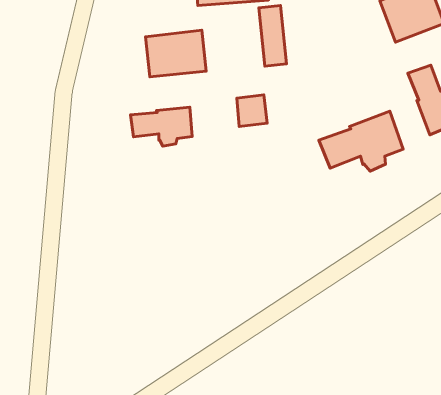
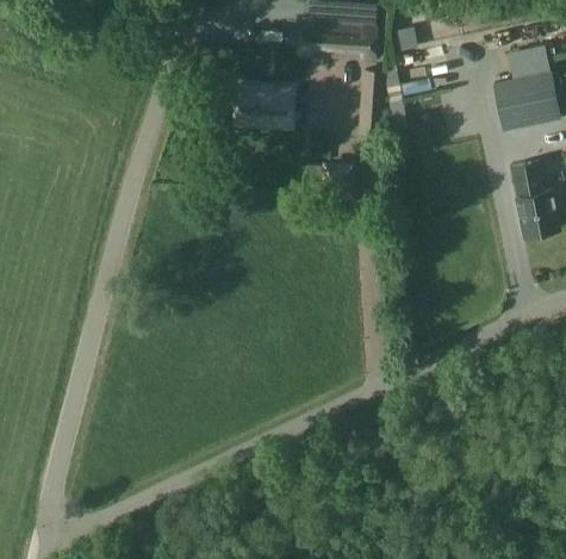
building: [130,107,192,146] -> none
building: [319,111,403,171] -> none

